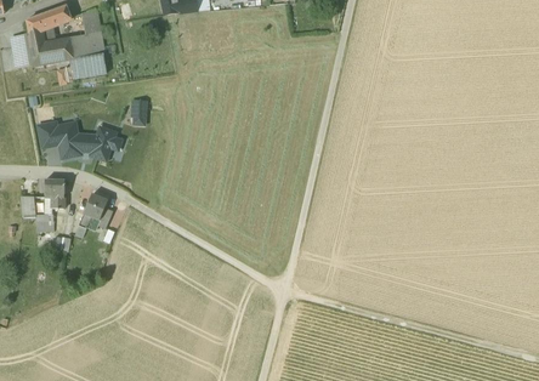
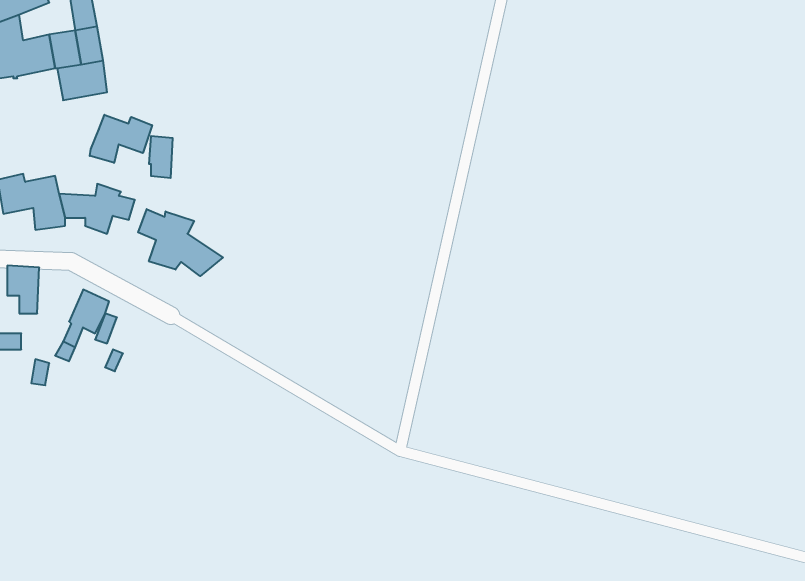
building: none -> [90,115,152,163]
building: none -> [138,209,223,276]

